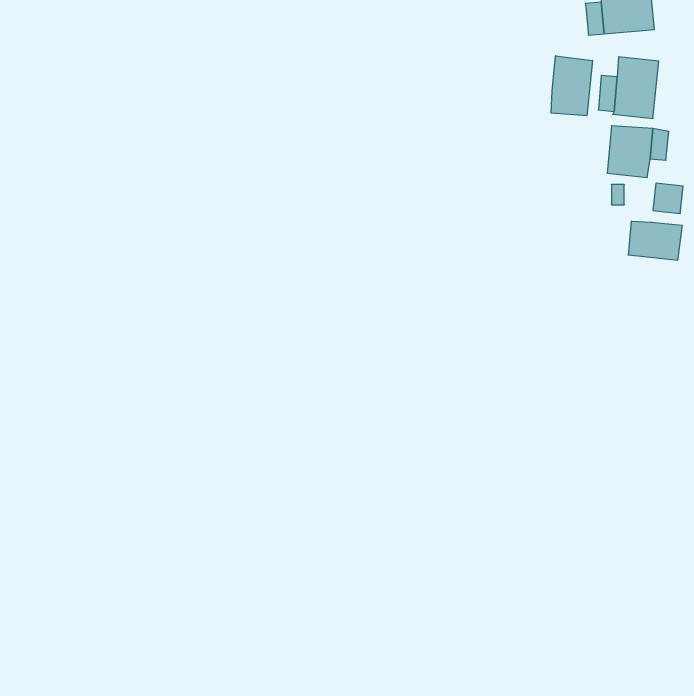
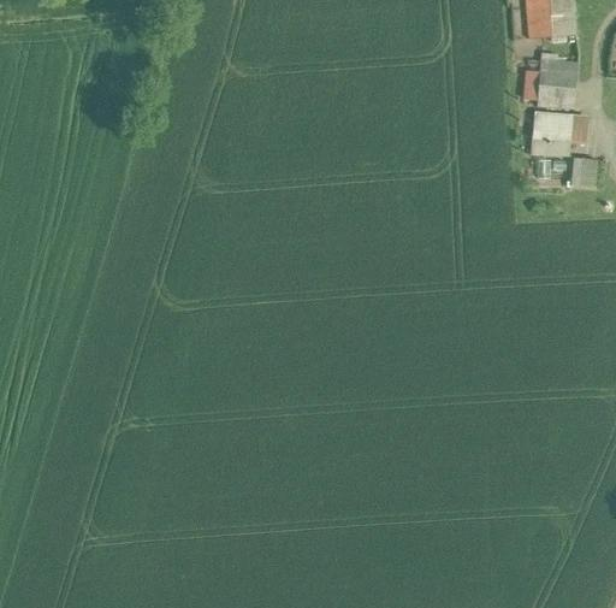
building: [551,56,592,116] -> none
building: [629,221,682,260] -> none

